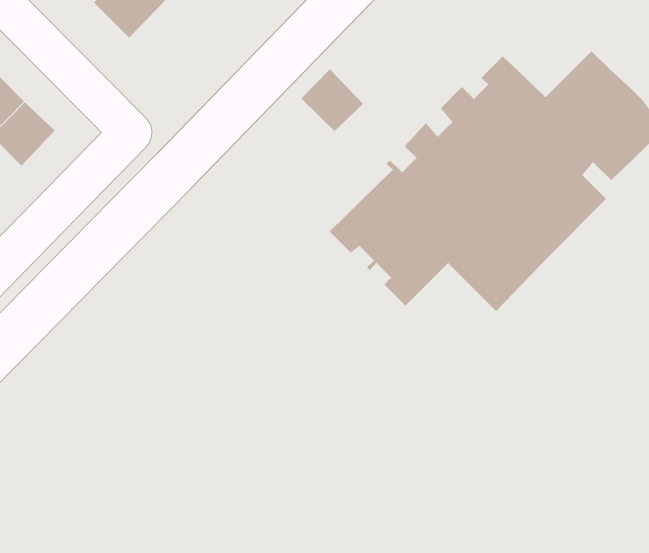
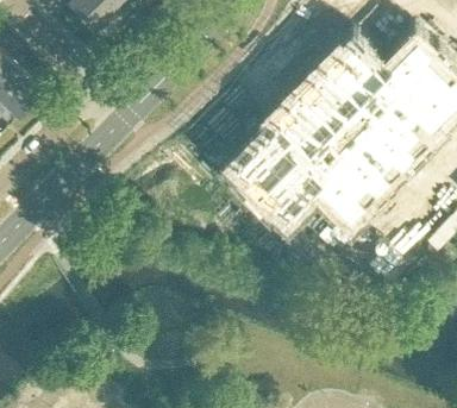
building: [301,69,364,132] -> none

